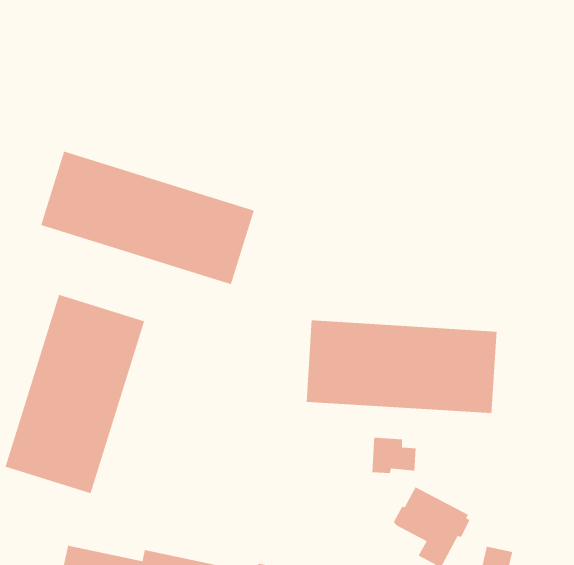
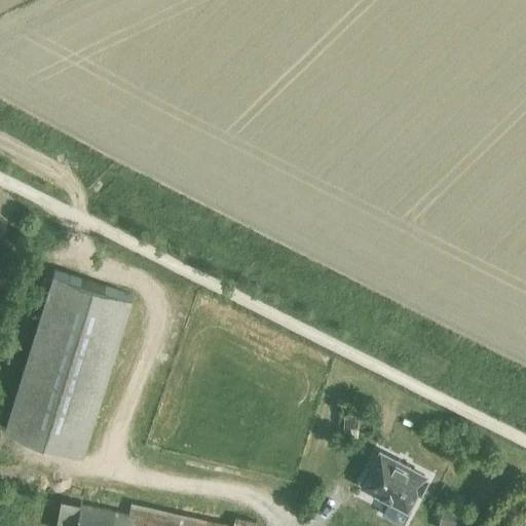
building: [40,151,255,285] -> none
building: [306,319,497,414] -> none

